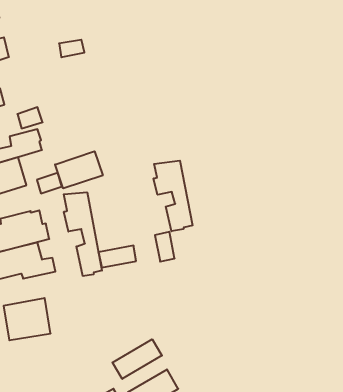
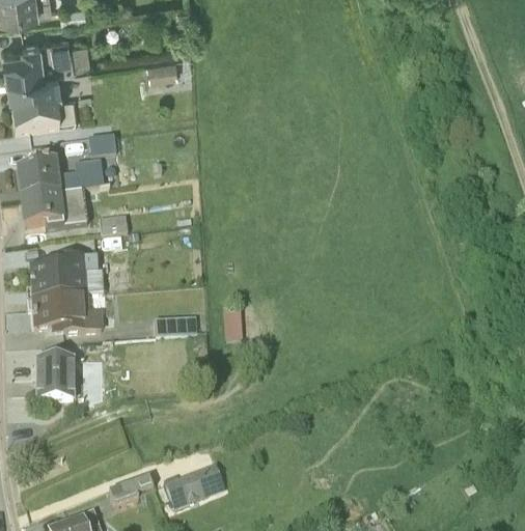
building: [55,151,103,188] -> none
building: [154,161,193,231] -> none
building: [64,192,102,276] -> none
building: [112,339,162,379] -> none

